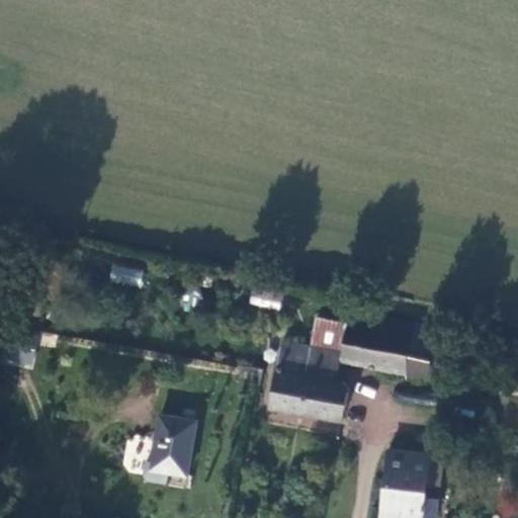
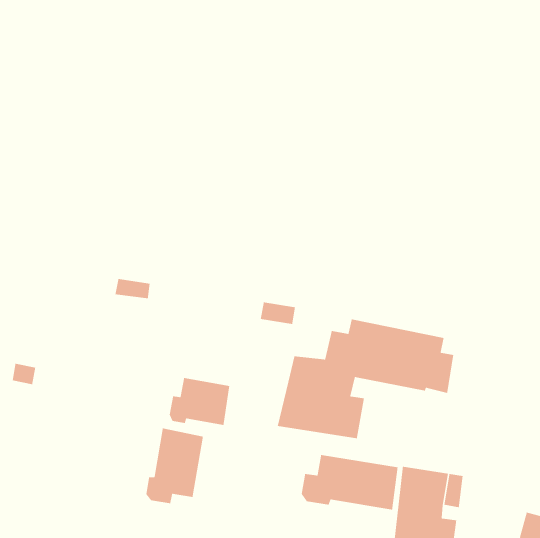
building: none -> [169,377,230,426]
building: none -> [301,454,398,510]

